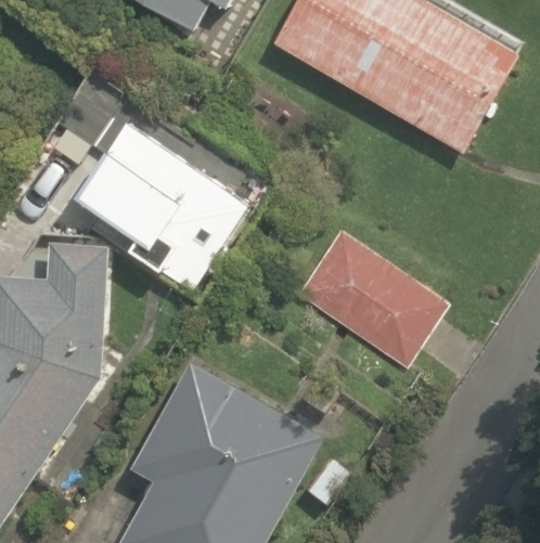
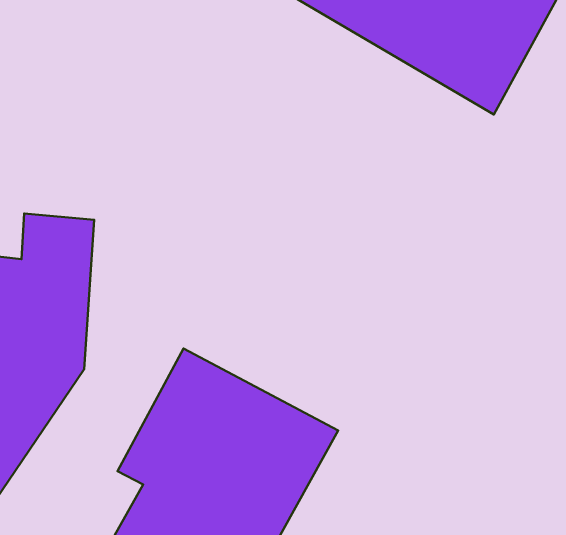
building: [73,121,247,293] -> none
building: [297,230,452,371] -> none

